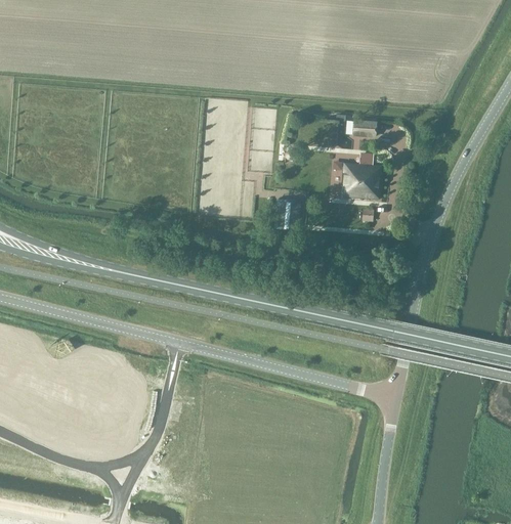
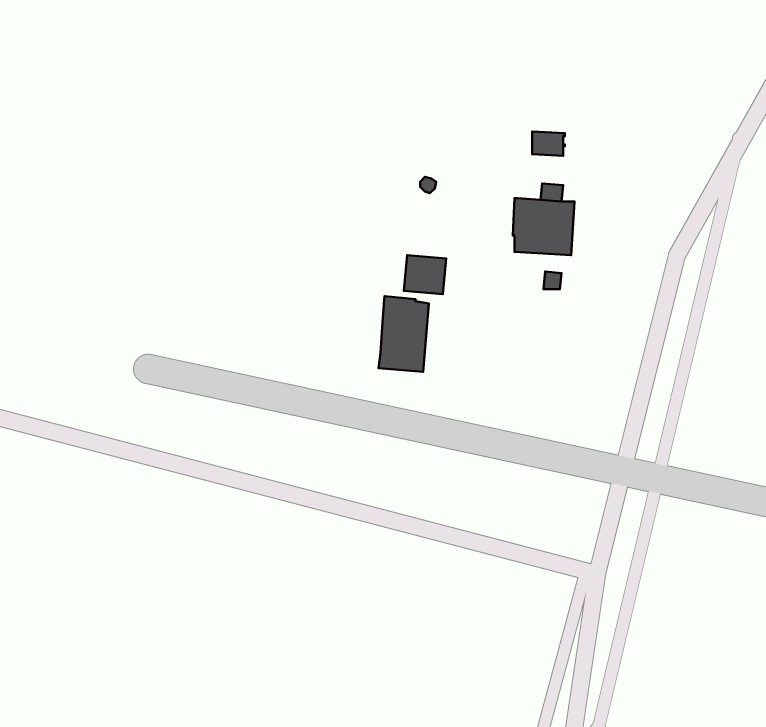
building: none -> [378,296,429,372]

